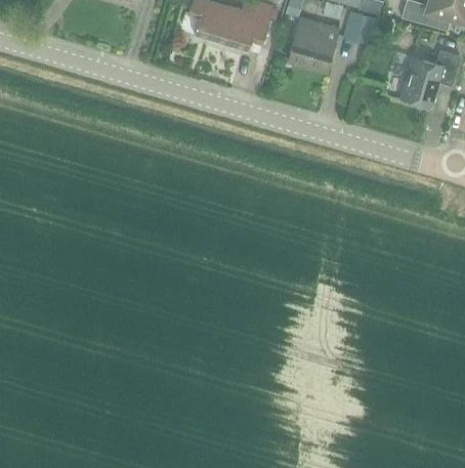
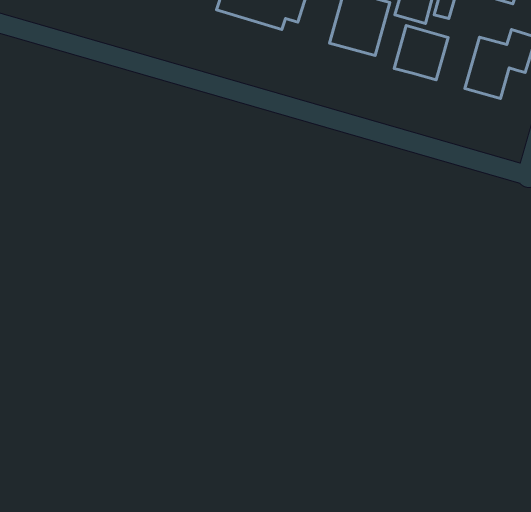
building: none -> [394,26,448,80]

